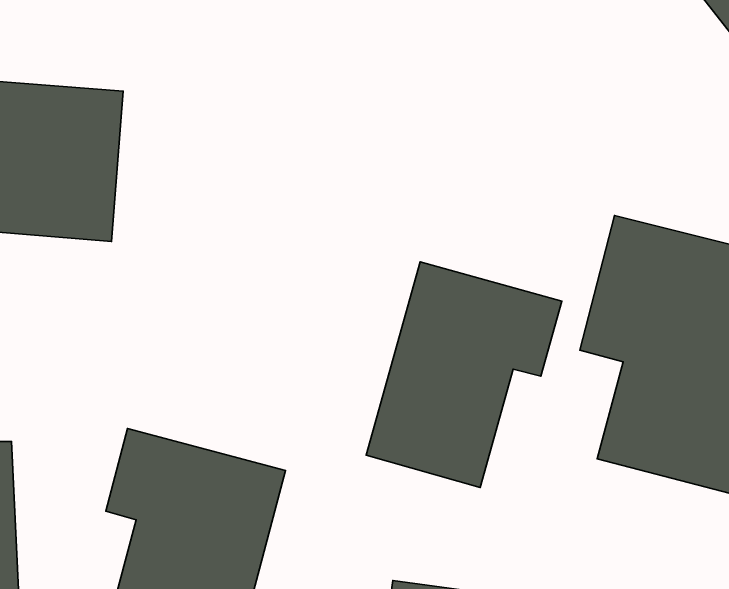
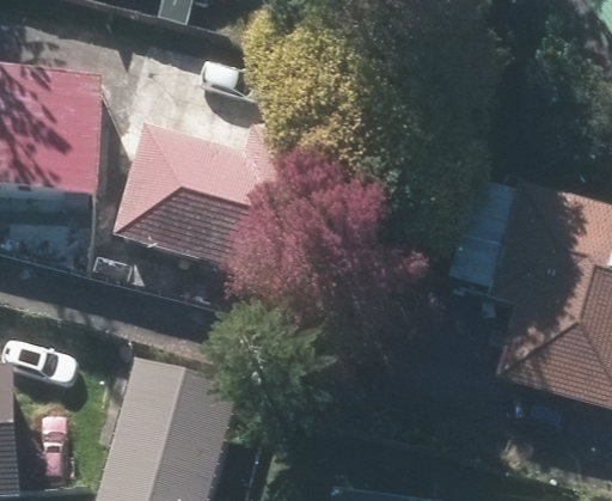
building: none -> [115,124,335,280]
building: [366,262,562,487] -> none

